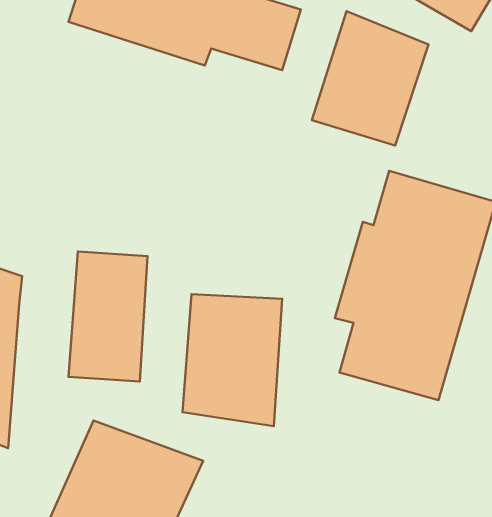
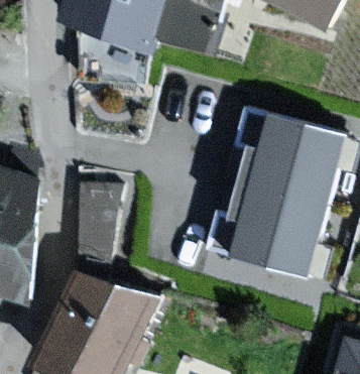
building: [312,11,429,146] -> none
building: [182,294,282,426] -> none

